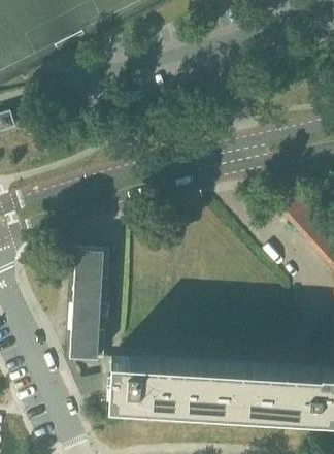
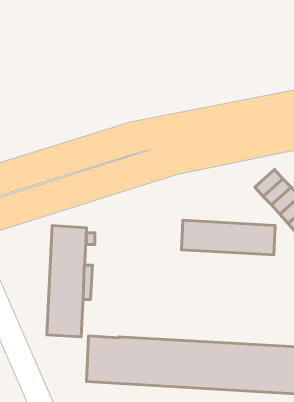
building: none -> [182,220,275,255]

